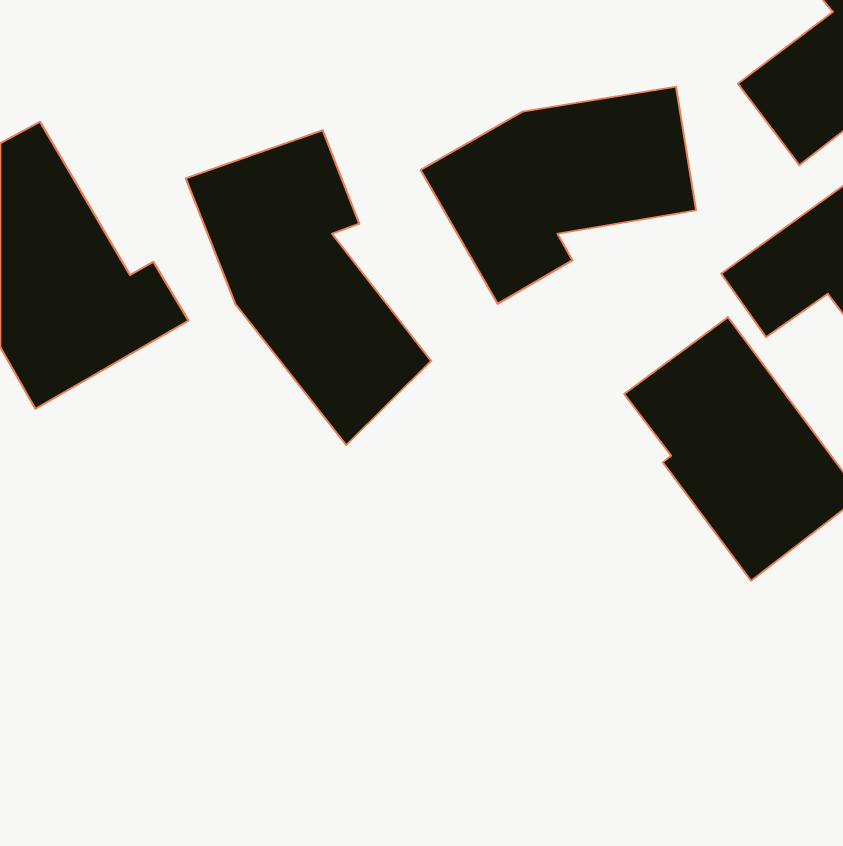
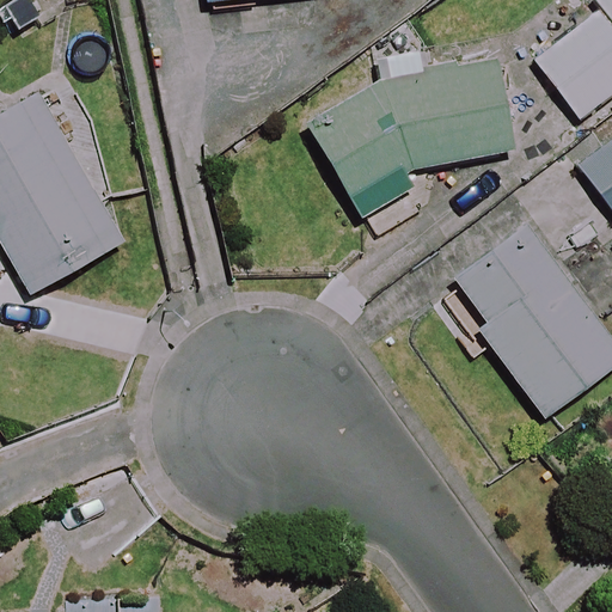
building: [186,130,431,445] -> none

